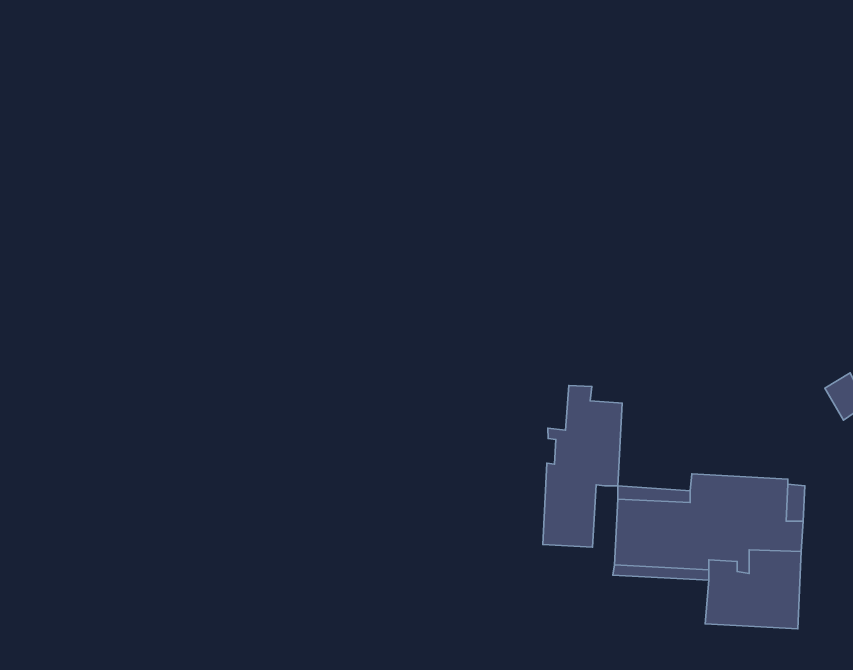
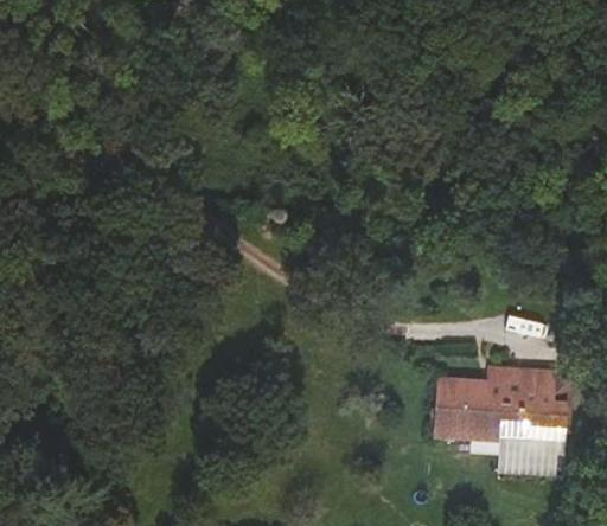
building: [543,385,622,547] -> none

